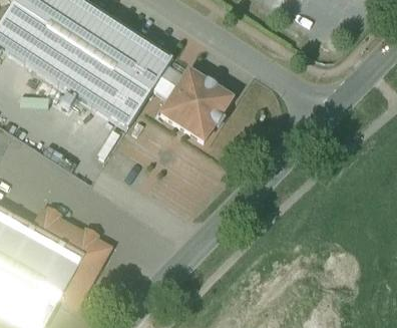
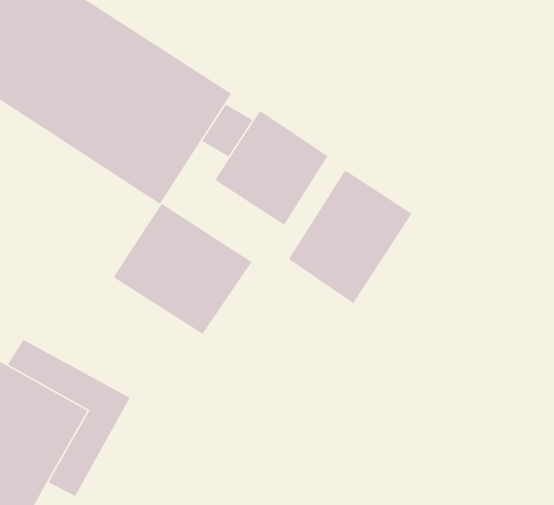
building: none -> [288,170,412,304]
building: none -> [113,203,252,335]

